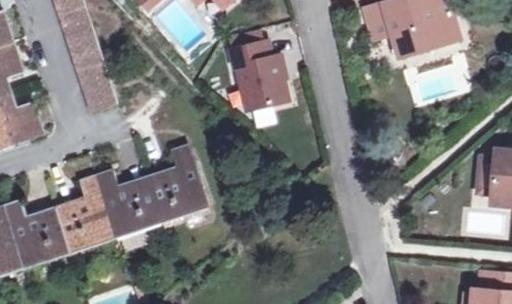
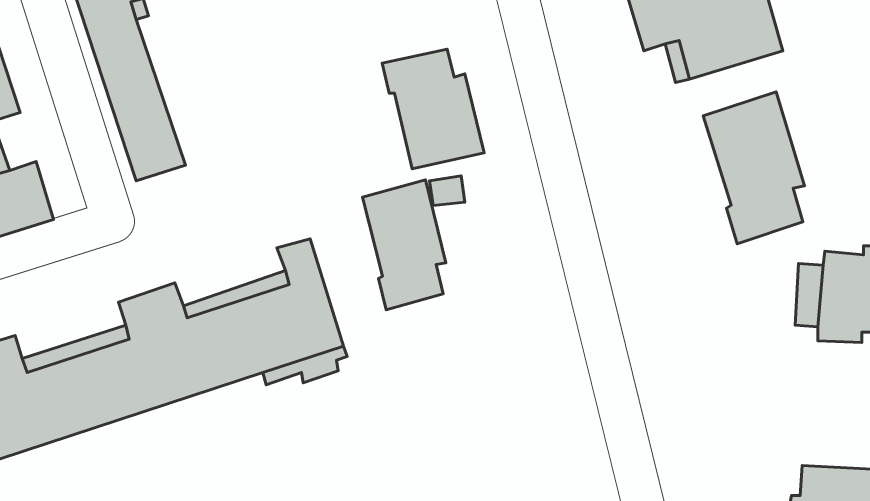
building: none -> [703,92,804,244]
building: none -> [362,180,446,310]

